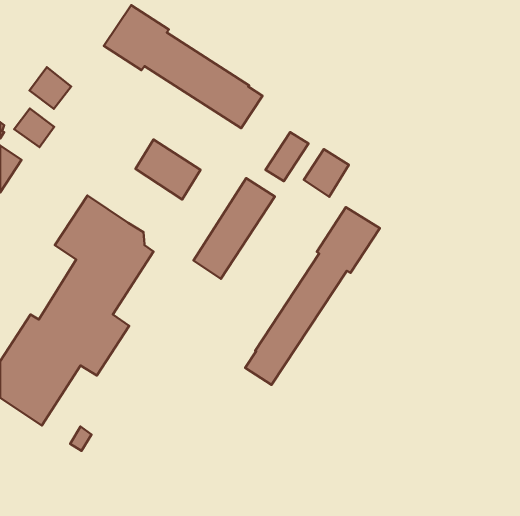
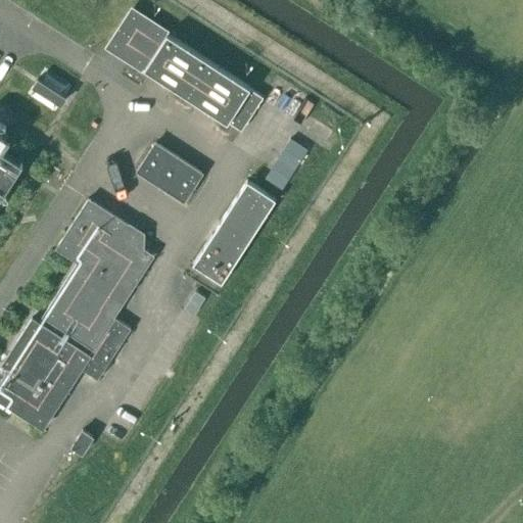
building: [14,109,54,147] -> none
building: [304,149,349,197] -> none
building: [245,207,380,385] -> none

